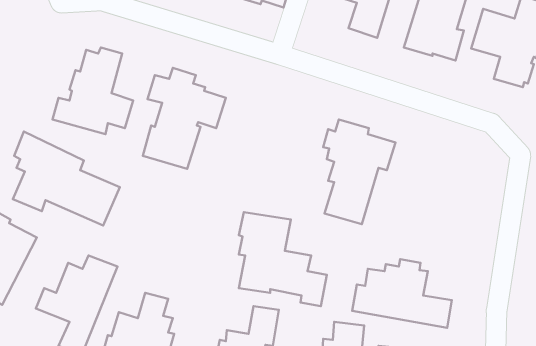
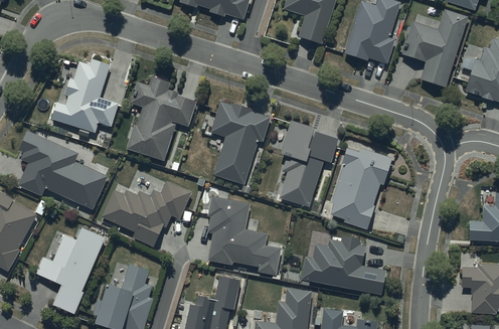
building: none -> [211,99,270,182]
building: none -> [331,144,391,226]
building: none -> [103,178,191,243]

